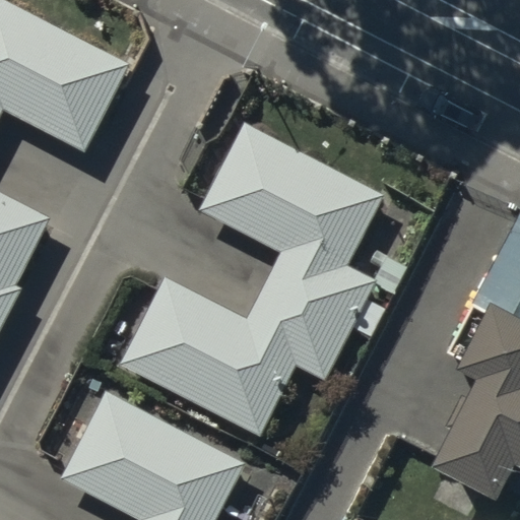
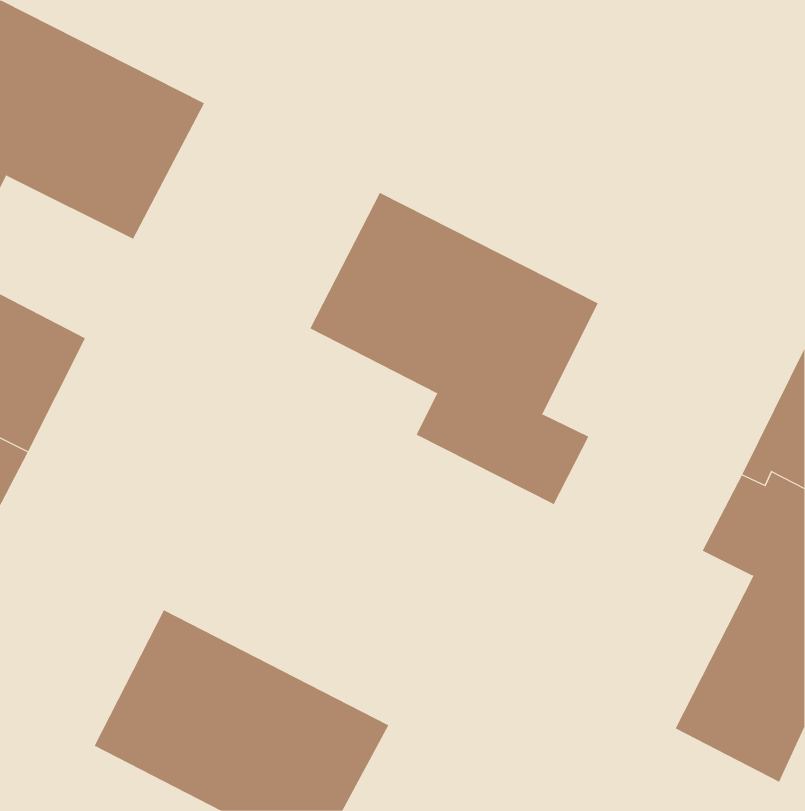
building: [119,276,354,435] -> none

